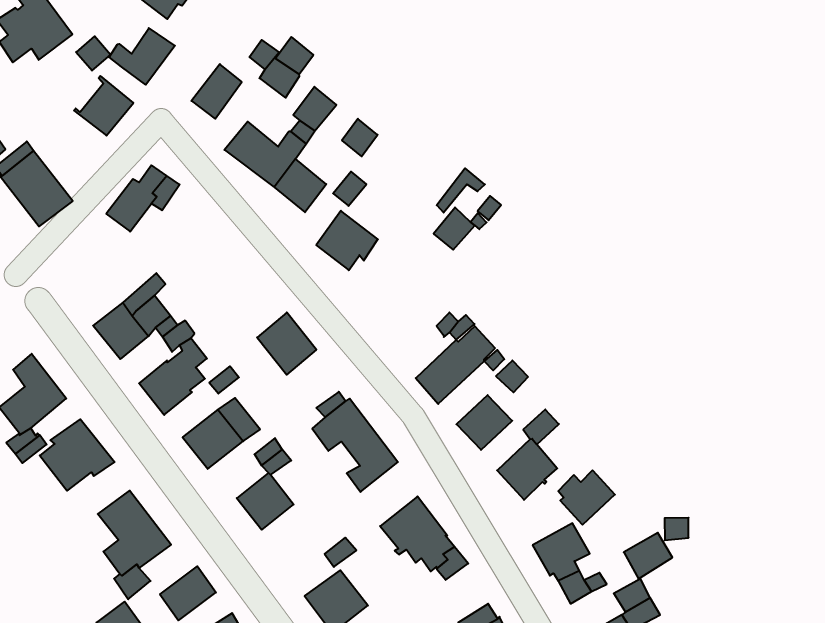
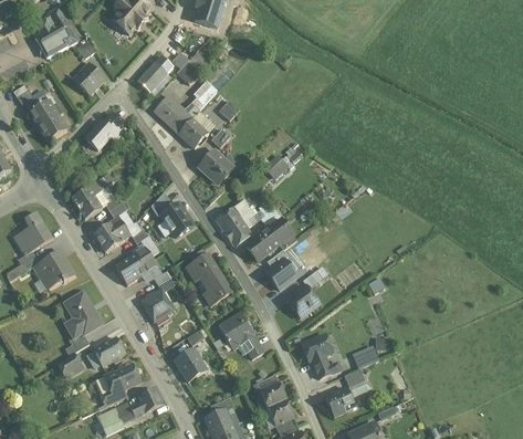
building: [109,28,175,85] -> none
building: none -> [215,199,251,247]
building: [558,470,615,525] -> none

